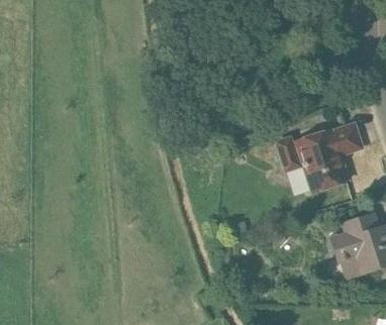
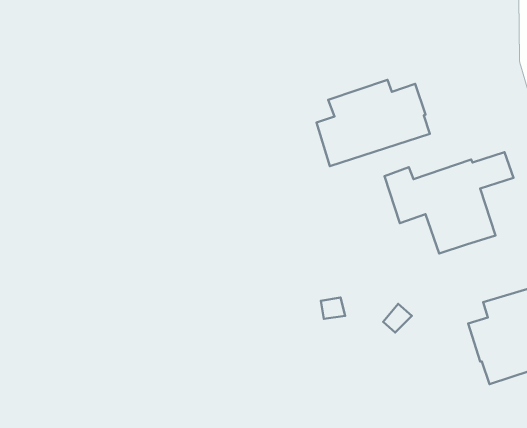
building: none -> [317,80,430,166]

